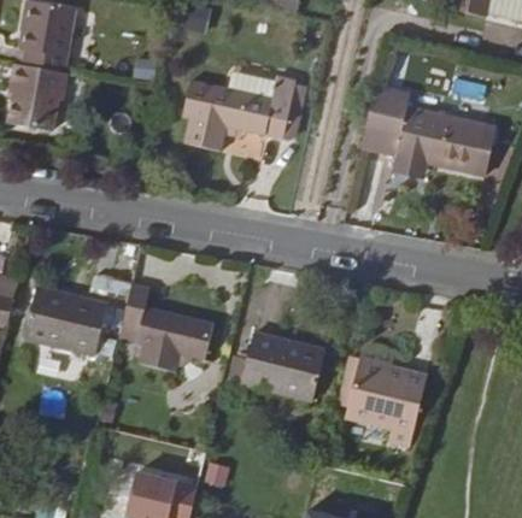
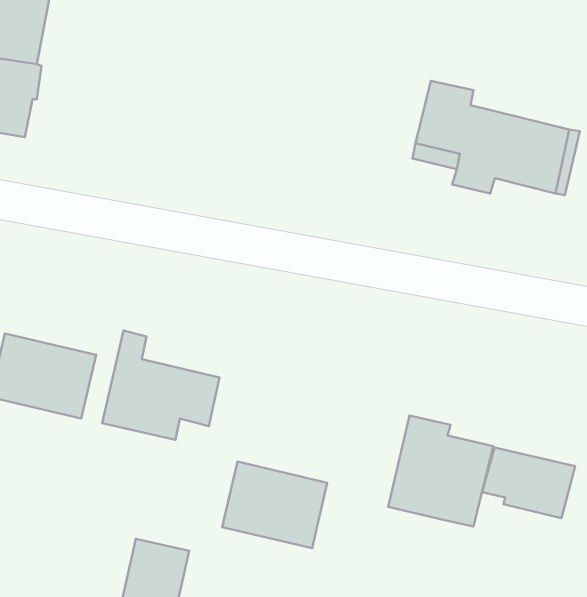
building: [183,76,297,149] -> none
building: [239,332,322,401] -> [222,462,327,548]
building: none -> [482,447,575,518]

